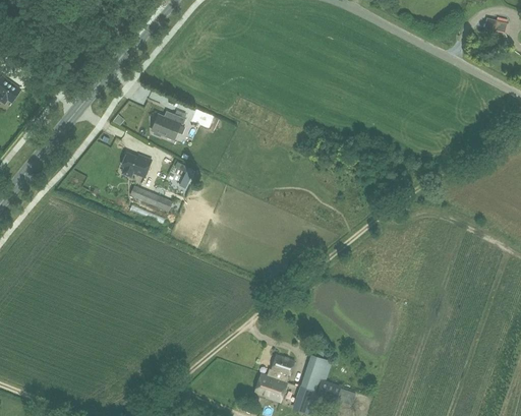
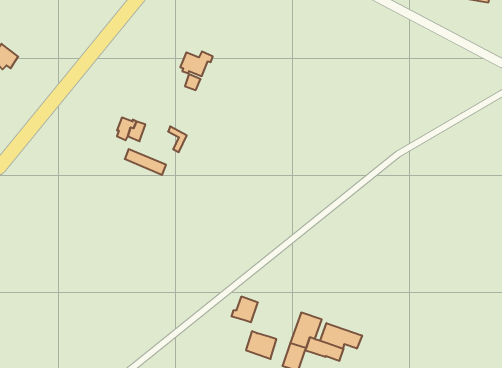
building: [151,114,184,139] -> [180,51,213,76]
building: [266,355,293,381] -> [231,297,258,322]
building: none -> [320,323,362,349]

